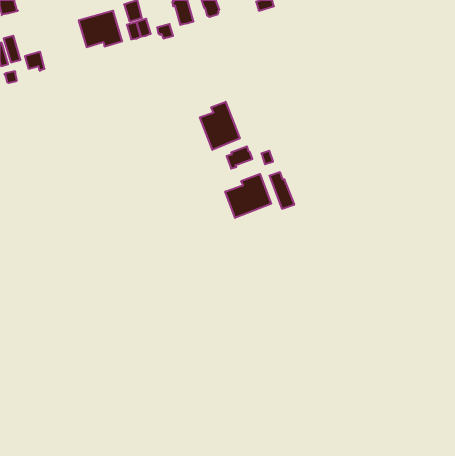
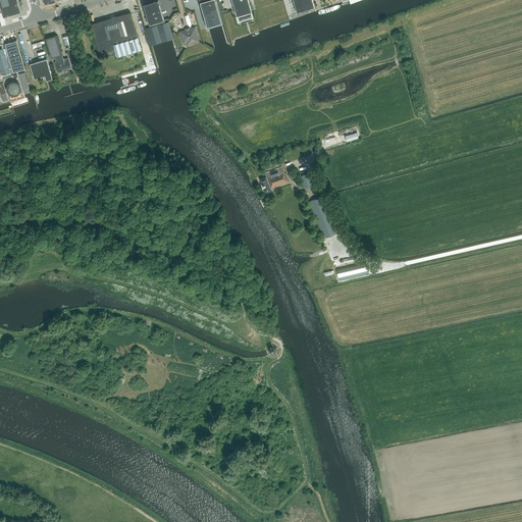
building: none -> [44,35,69,71]
building: [200,102,240,150] -> none
building: [225,174,271,218] -> none

